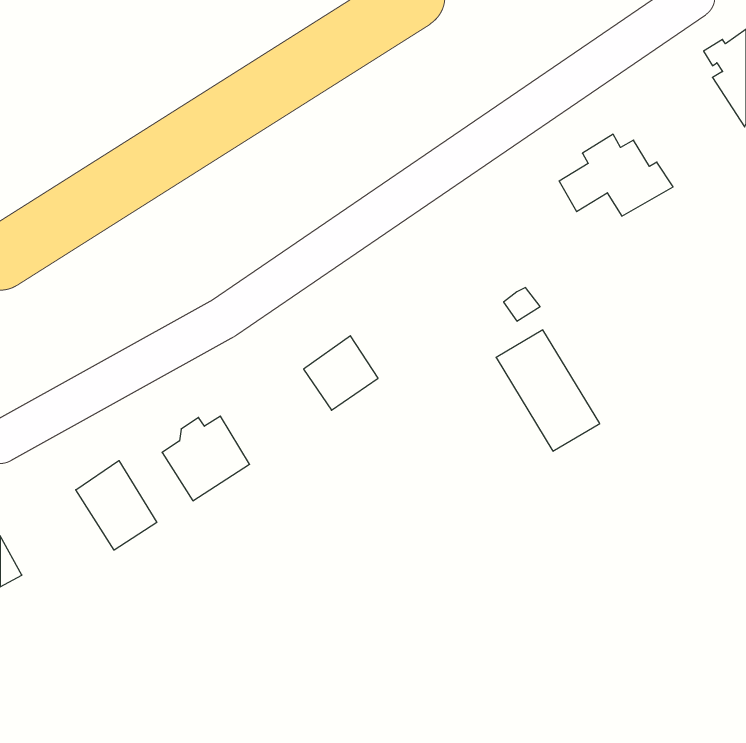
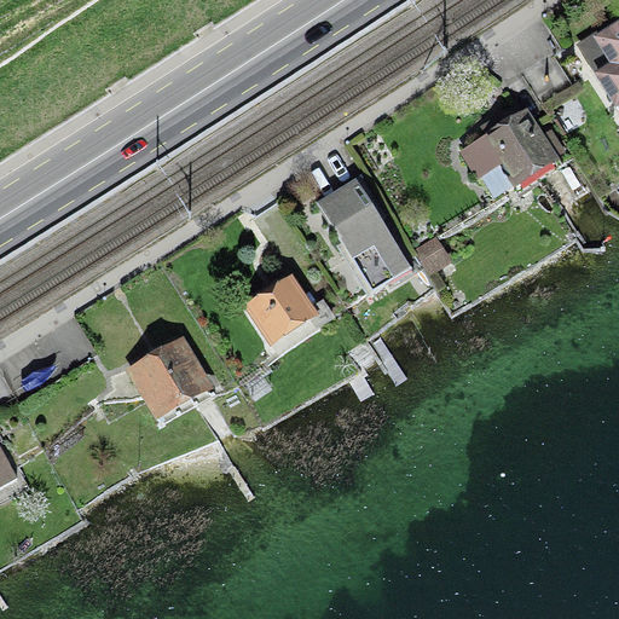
building: [496,330,600,451] -> [317,179,403,279]
building: [76,461,157,550] -> none

